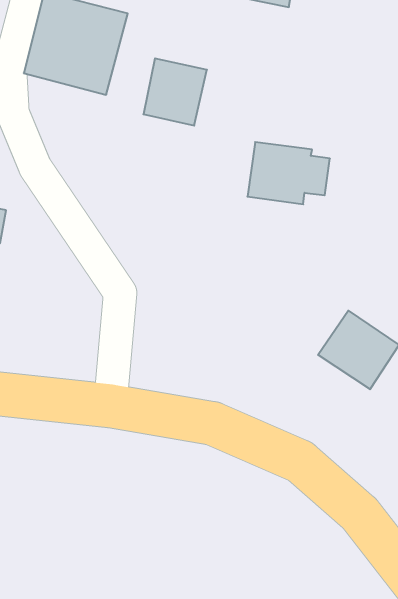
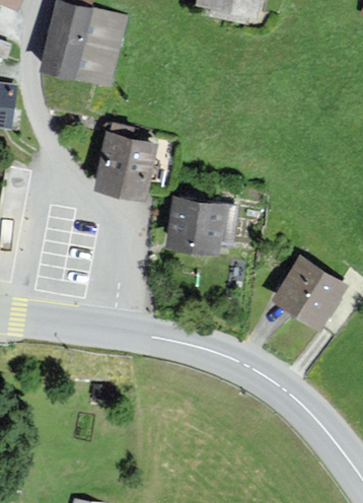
building: [143,58,207,126] -> [101,133,152,187]
building: [247,142,330,204] -> [170,194,236,243]

